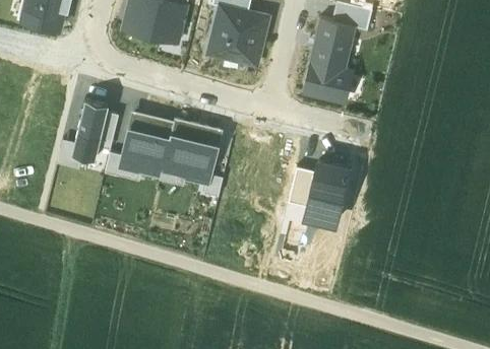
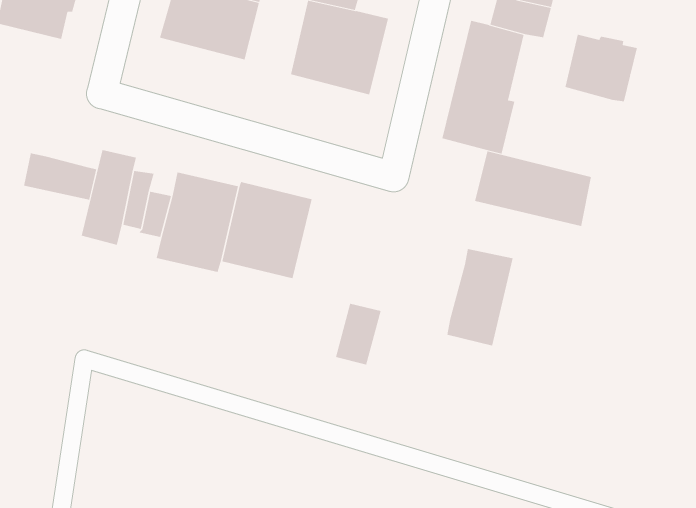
building: none -> [565,34,637,102]
building: none -> [475,151,591,227]
building: none -> [23,152,97,200]
building: [287,168,316,208] -> [335,303,381,365]

